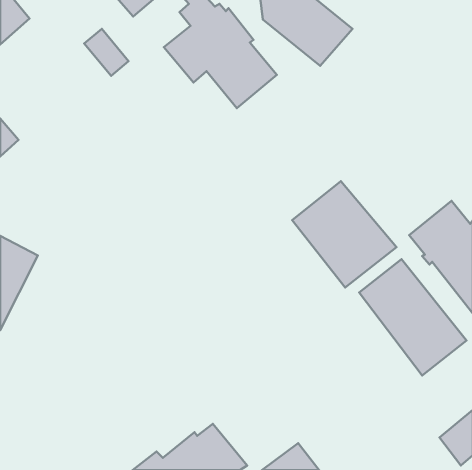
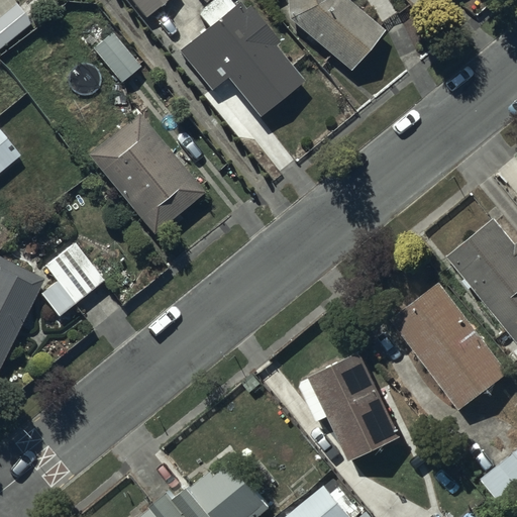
building: none -> [88,113,205,235]
building: [292,181,396,288] -> none
building: none -> [39,240,105,316]
building: none -> [301,350,404,461]

